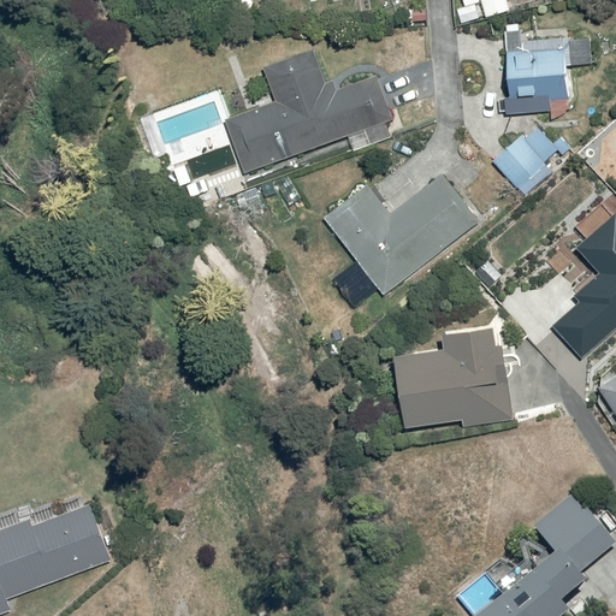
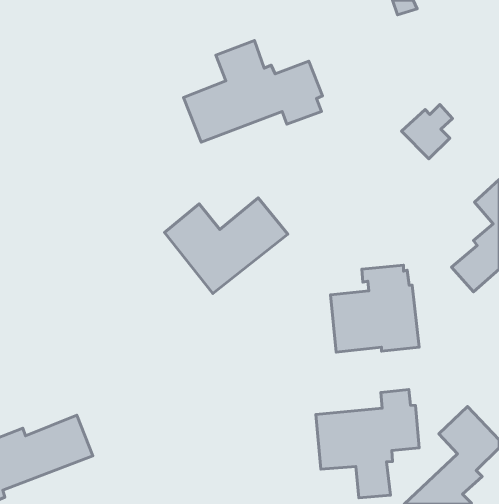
building: [498,30,574,112] -> none
building: [324,176,474,292] -> [165,198,288,294]
building: none -> [316,389,419,498]

